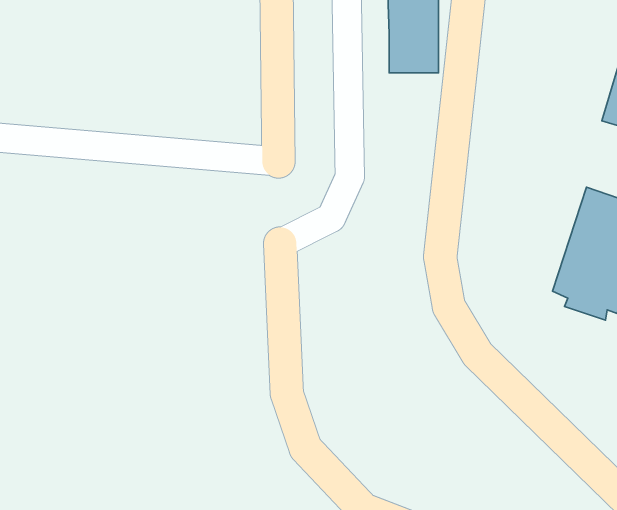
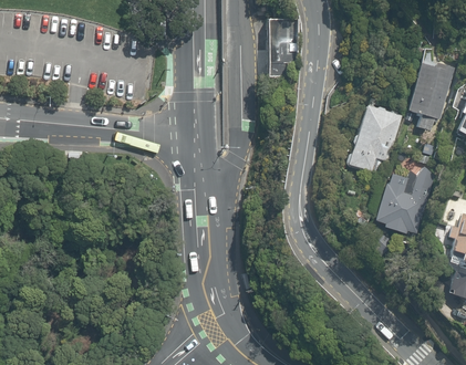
building: none -> [349,104,405,171]

